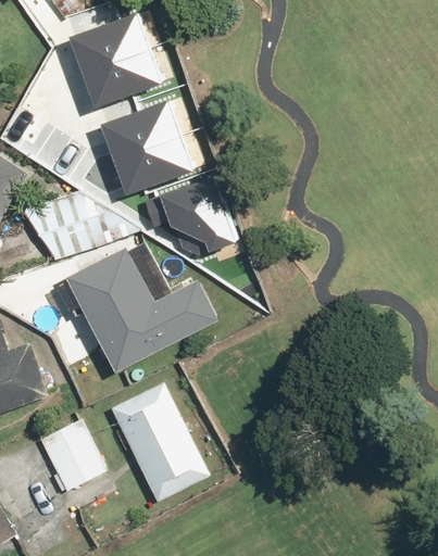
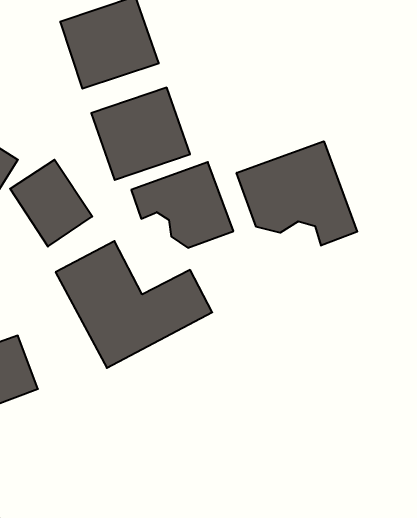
building: none -> [237,141,357,246]
building: [110,381,210,501] -> none
building: [39,416,105,489] -> none

